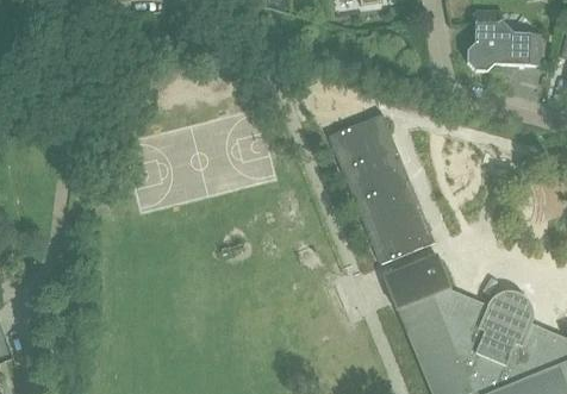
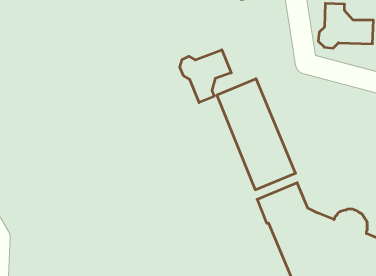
building: none -> [180,50,231,103]

